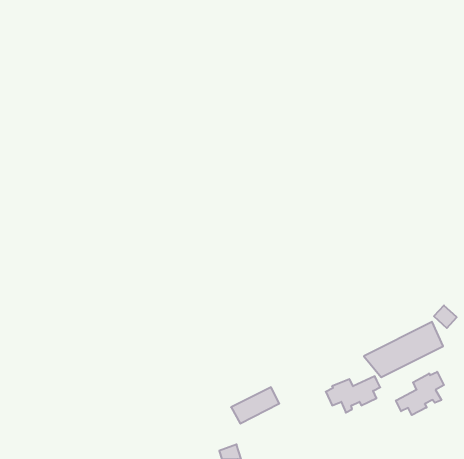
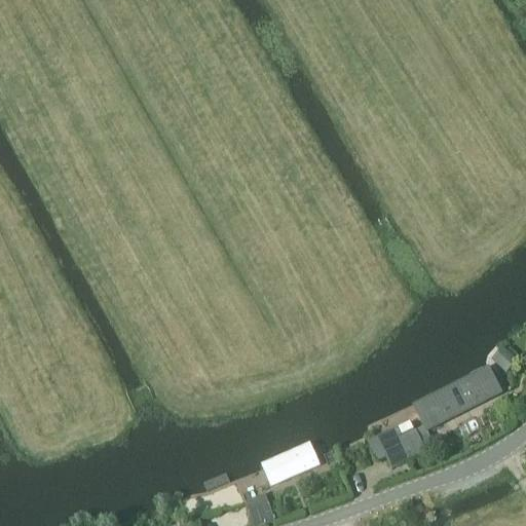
building: [396,372,444,415] -> none

